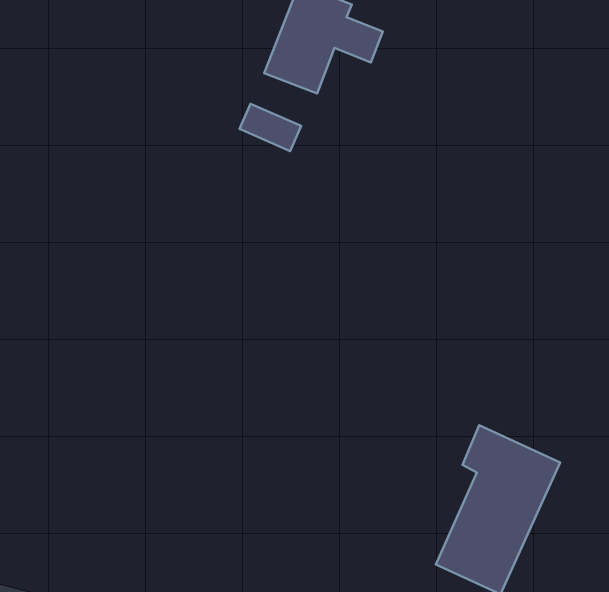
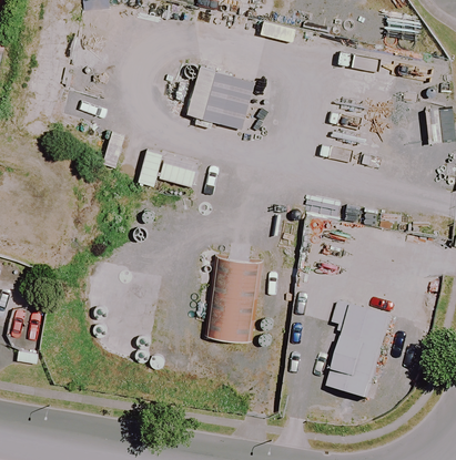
building: none -> [202,253,257,340]

